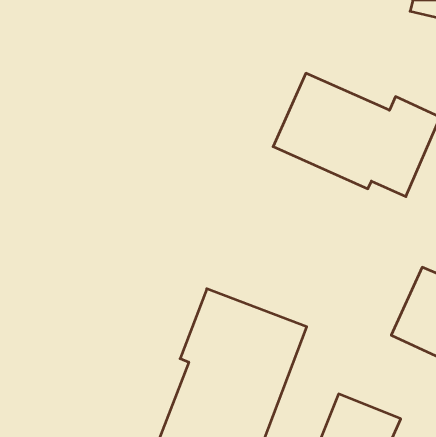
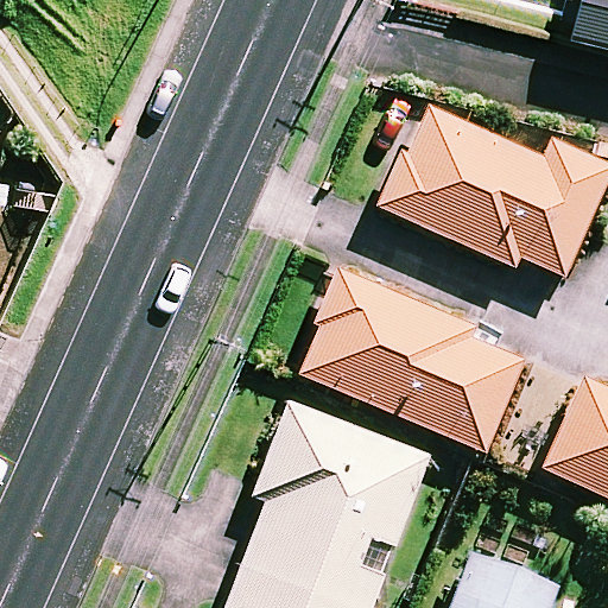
building: none -> [297,271,527,450]

